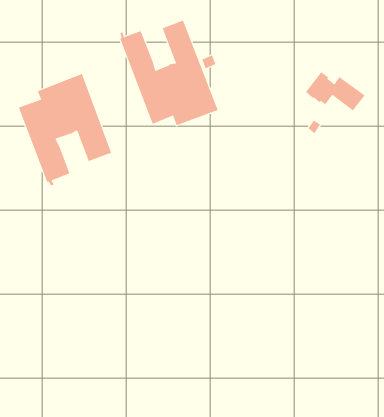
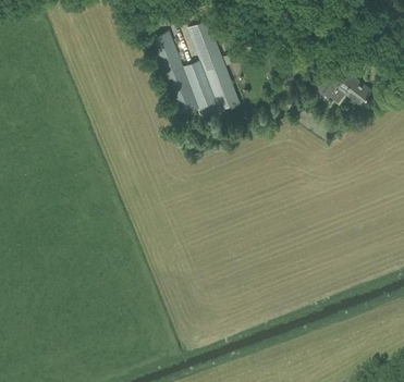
building: [18,73,112,186] -> none

